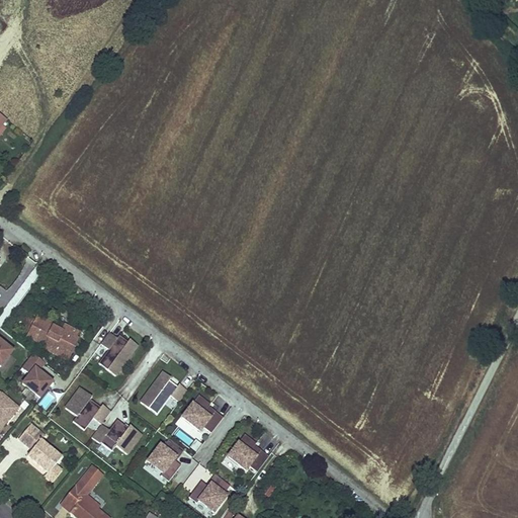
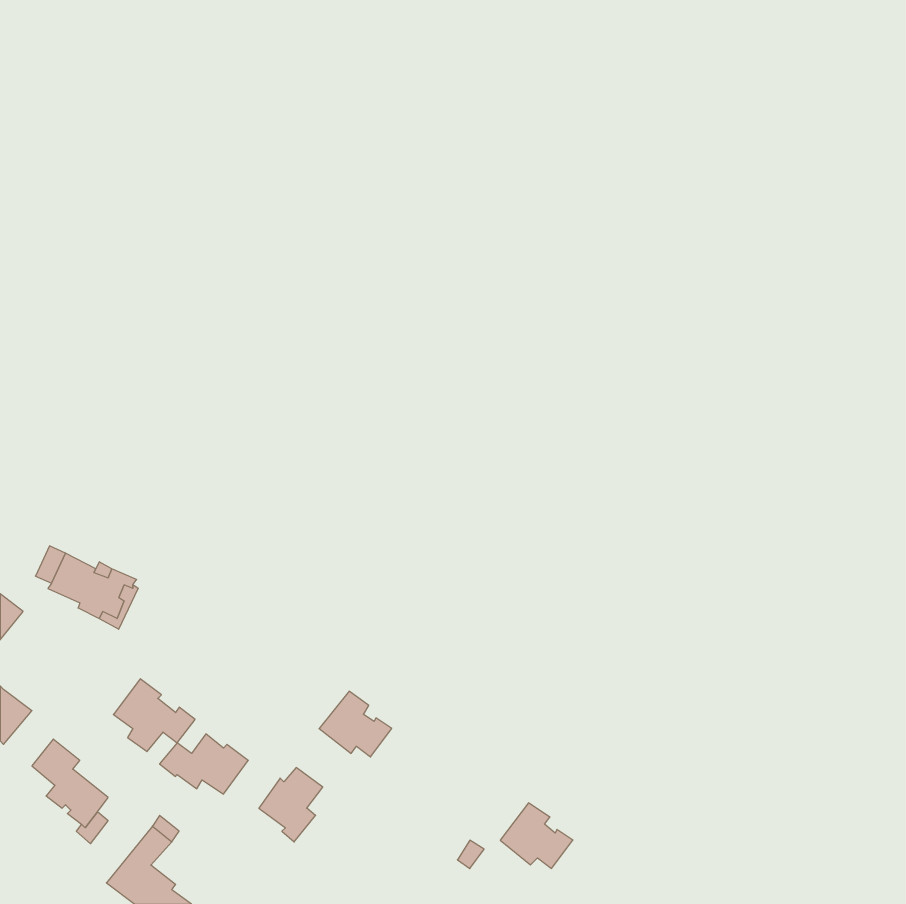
building: [98,332,137,374] -> none
building: [21,352,53,397] -> none
building: [140,371,187,414] -> none
building: [229,433,270,470] -> [500,803,573,868]
building: [189,473,230,511] -> none

